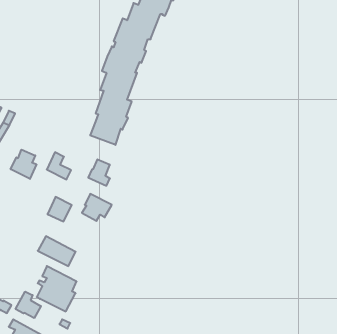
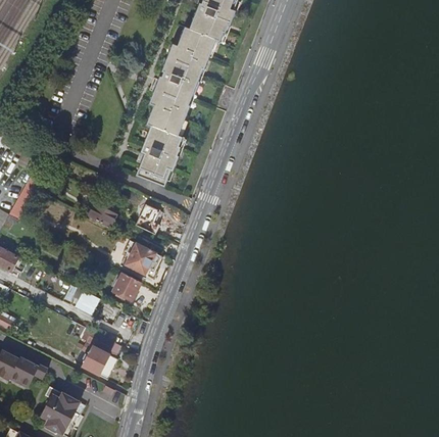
building: [11,150,36,179] -> none
building: [47,197,72,221] -> [112,272,140,299]
building: [16,292,41,318] -> none

